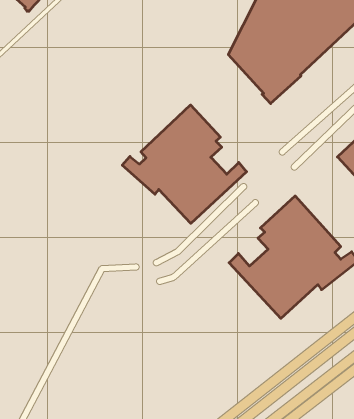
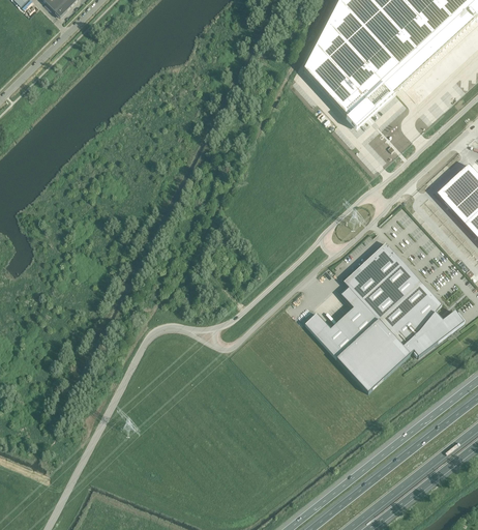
building: [122,105,247,223] -> none

